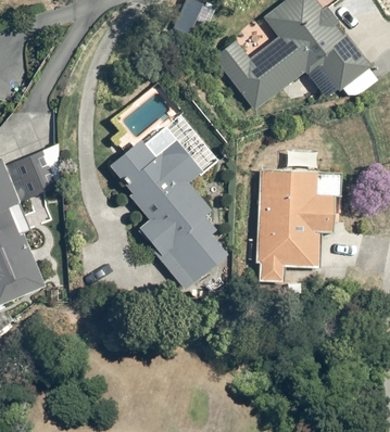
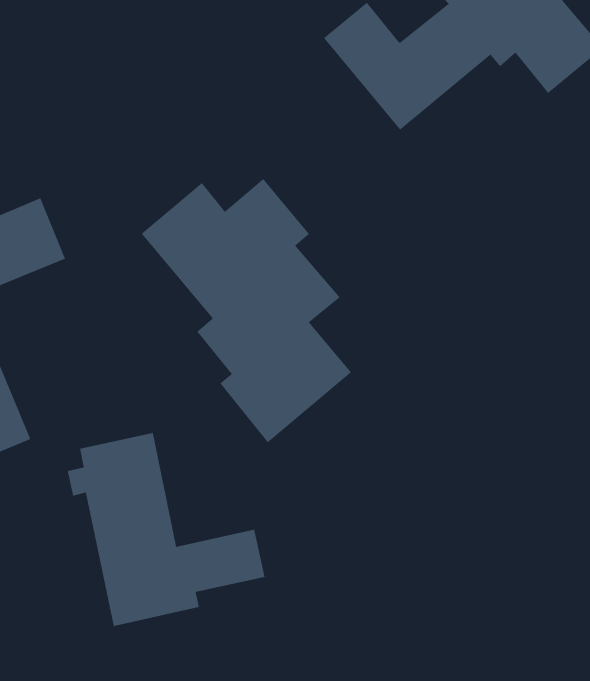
building: [259,148,330,283] -> none
building: none -> [67,432,265,627]

